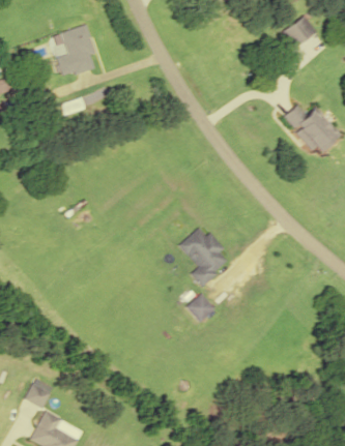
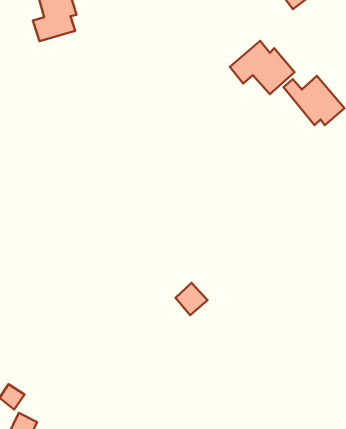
building: none -> [230,41,295,94]
building: [179,228,231,285] -> none

